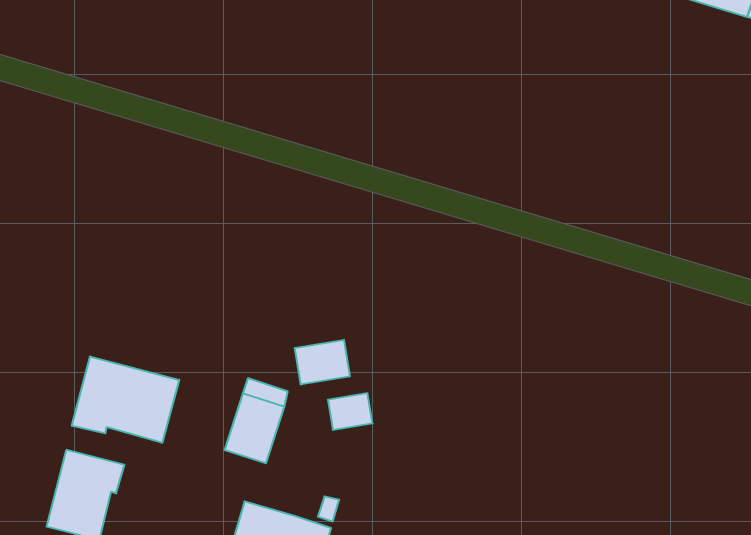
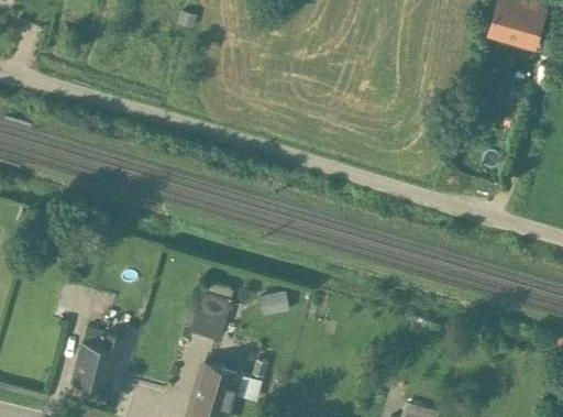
building: [295,340,350,385] -> none
building: [72,356,179,443] -> none

